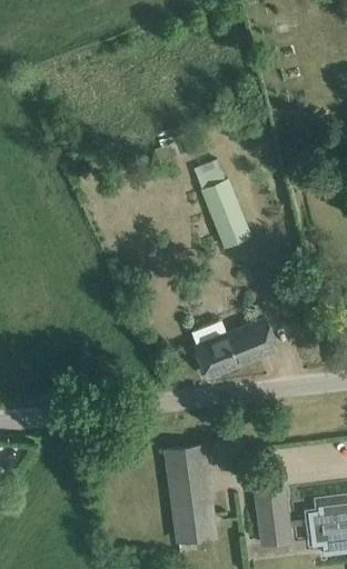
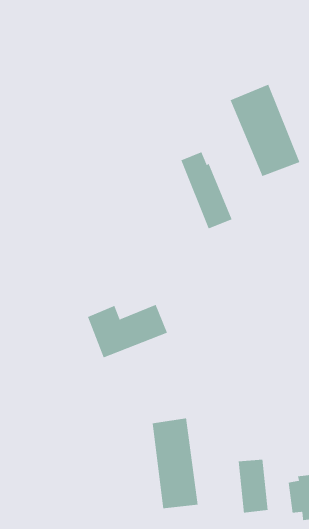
building: none -> [230,84,300,177]
building: [191,320,276,377] -> [87,304,168,358]

